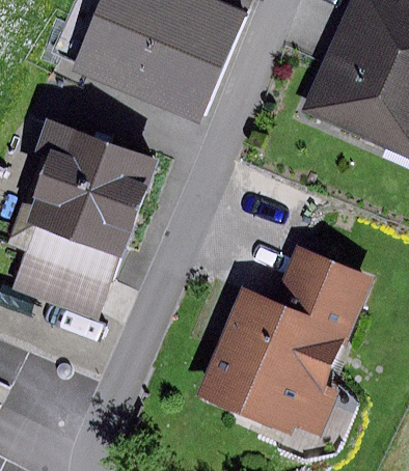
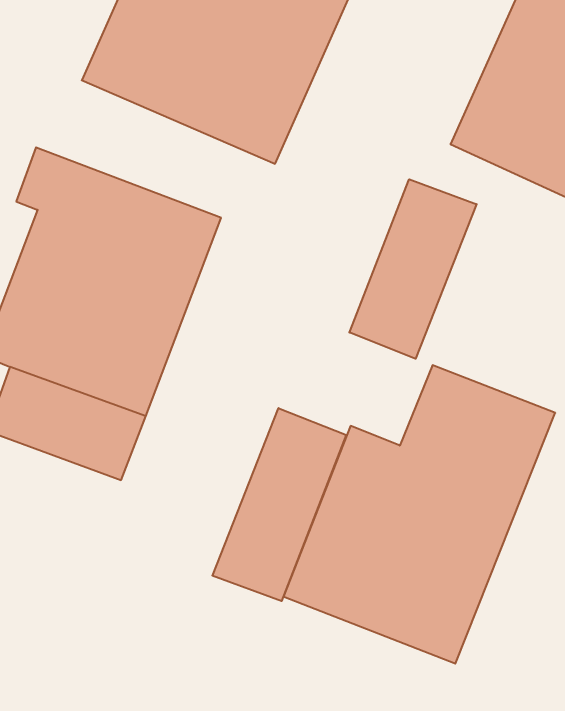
building: none -> [349,179,477,359]
building: none -> [212,408,346,601]

